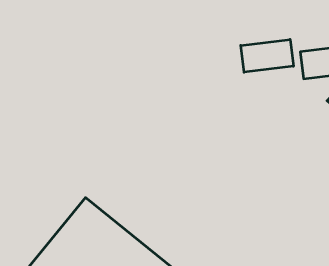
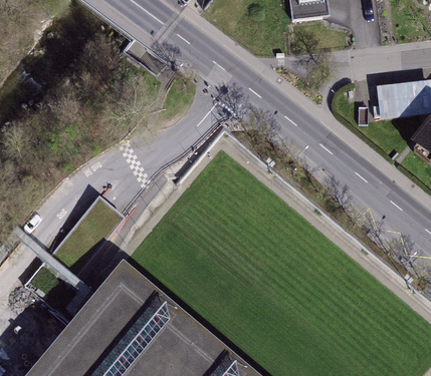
building: [241,39,293,72] -> none

